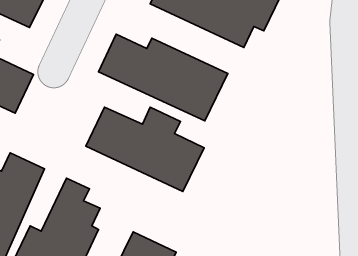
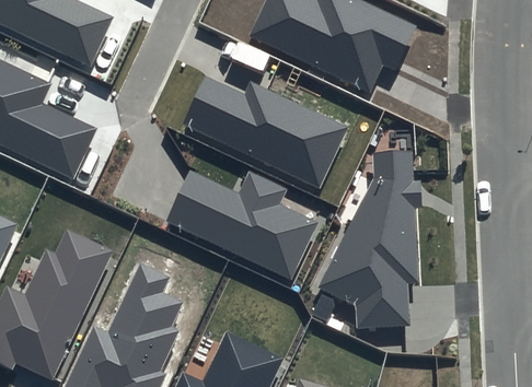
building: none -> [320,153,420,331]

